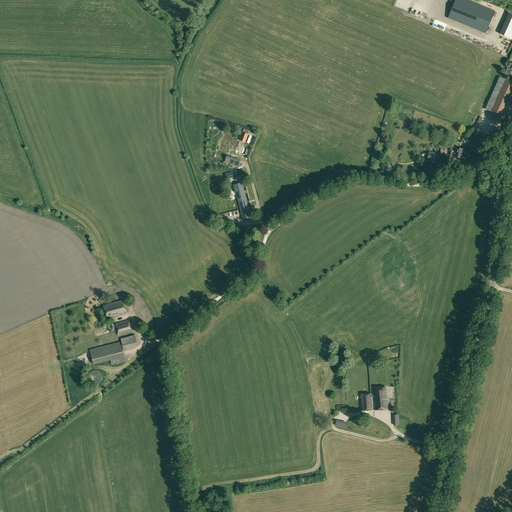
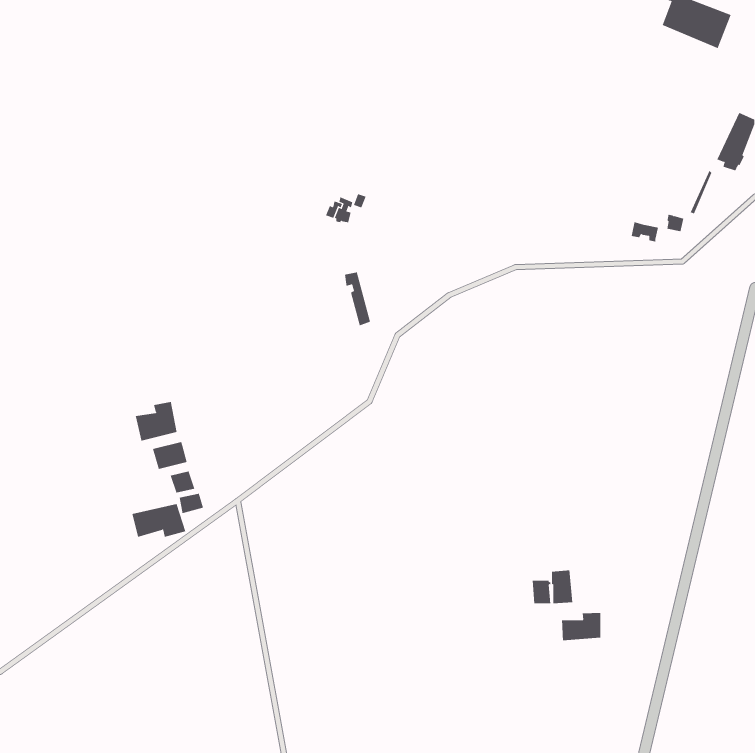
building: none -> [135,401,177,442]
building: none -> [561,612,601,641]

